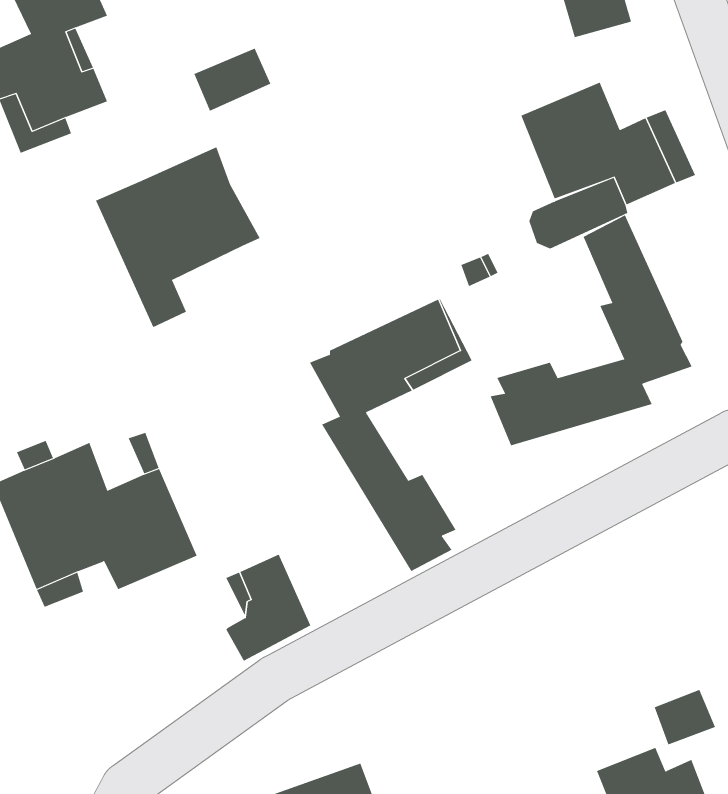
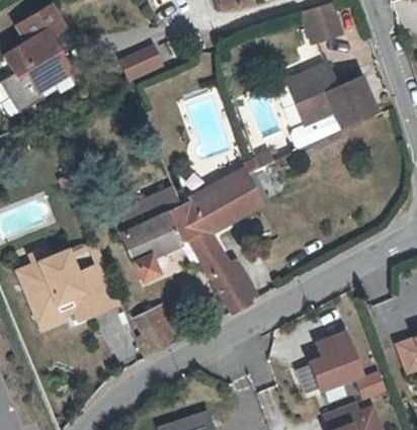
building: [95,147,261,328] -> [110,187,194,279]
building: [490,214,692,446] -> none
building: none -> [305,331,360,394]

